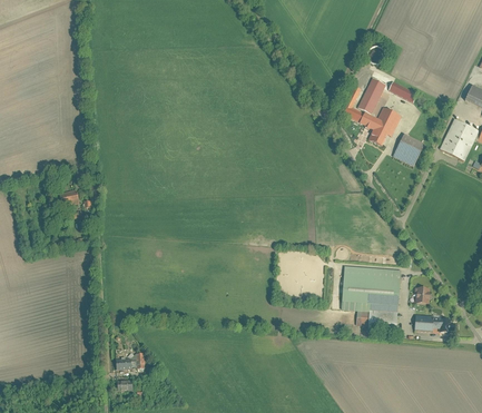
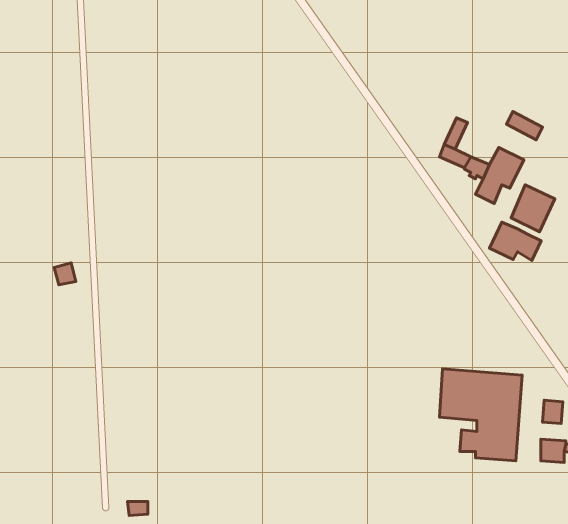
building: [357,78,386,115] -> none
building: none -> [489,222,541,260]

